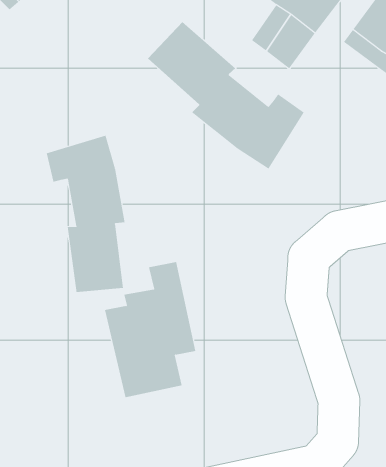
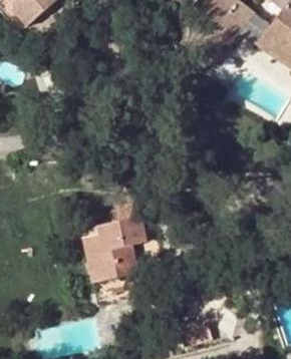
building: [147,21,305,169] -> none
building: [46,135,125,293] -> none

